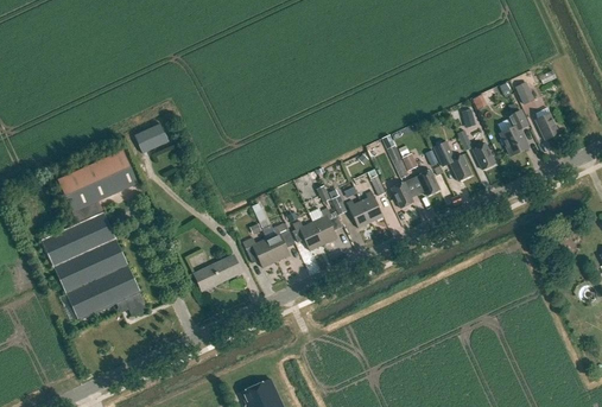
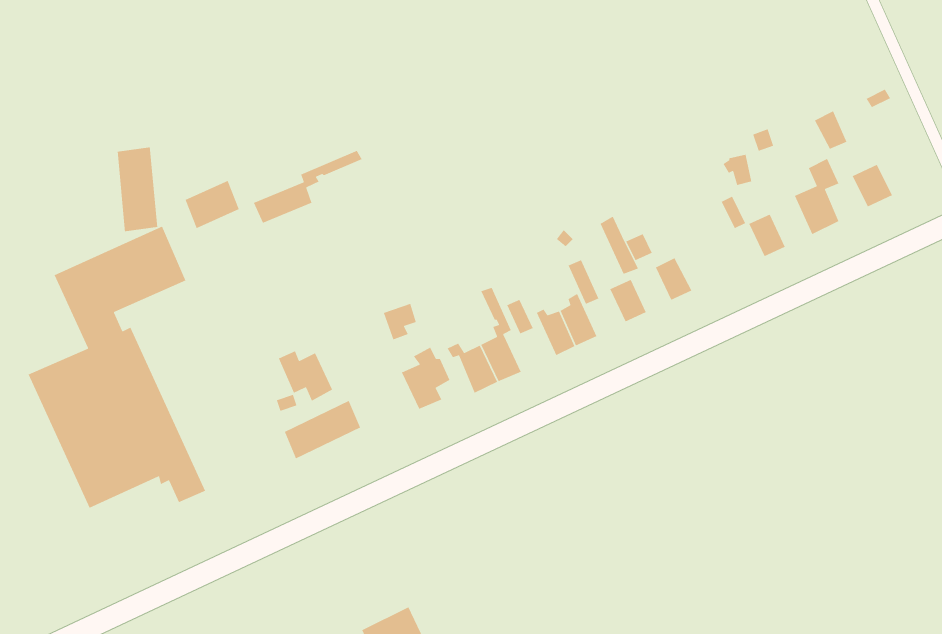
building: none -> [117,146,158,232]
building: none -> [253,150,363,224]
building: [433,140,471,180] -> none
building: [242,236,275,267] -> [278,350,333,402]

